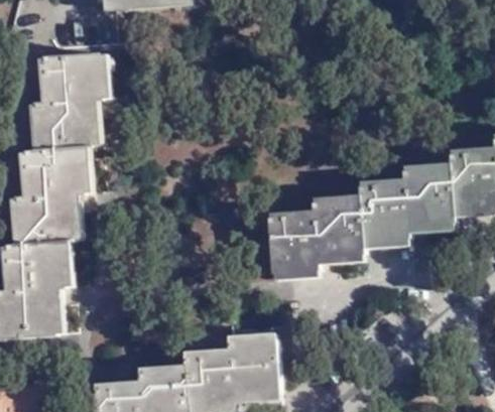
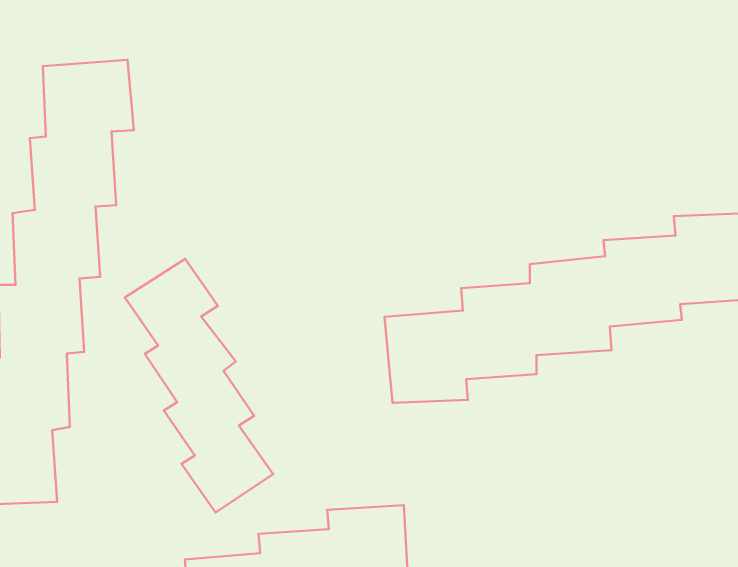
building: none -> [125,259,273,512]

